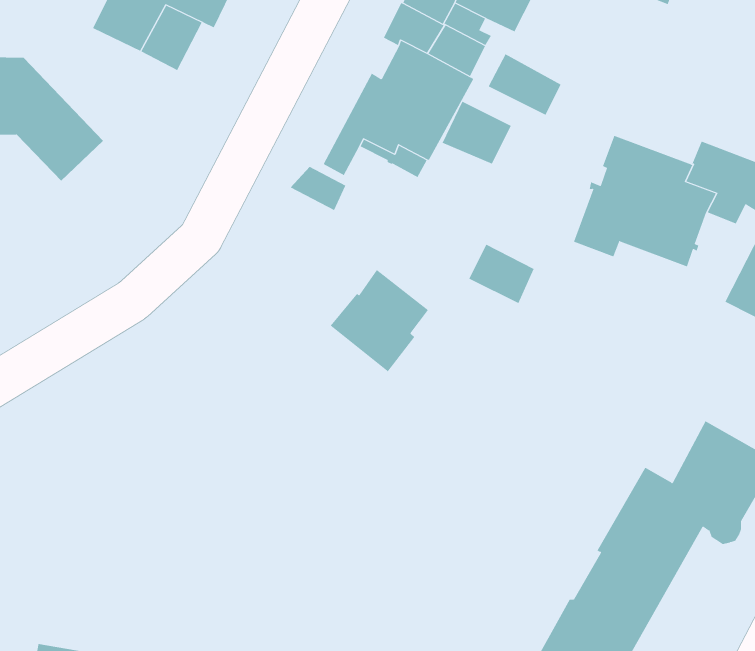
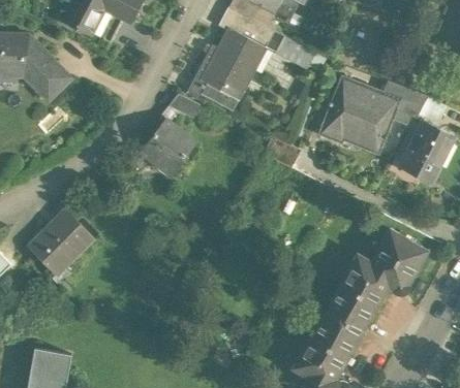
building: [442,101,512,165] -> none
building: [330,269,429,372] -> [141,121,193,175]
building: none -> [28,209,93,273]

